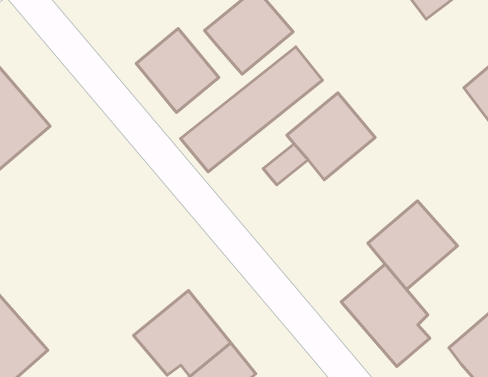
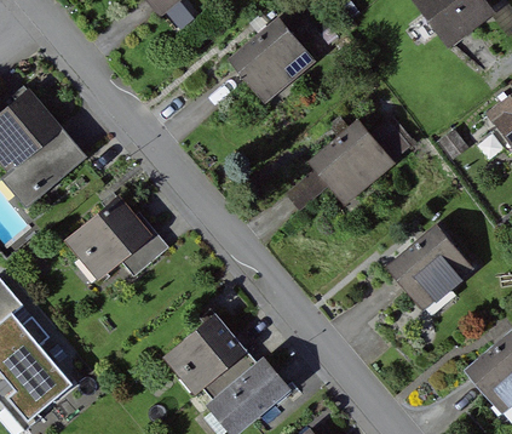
building: [136,29,219,112] -> none
building: [180,47,322,172] -> none
building: none -> [61,196,149,282]
building: [341,264,430,366] -> none

